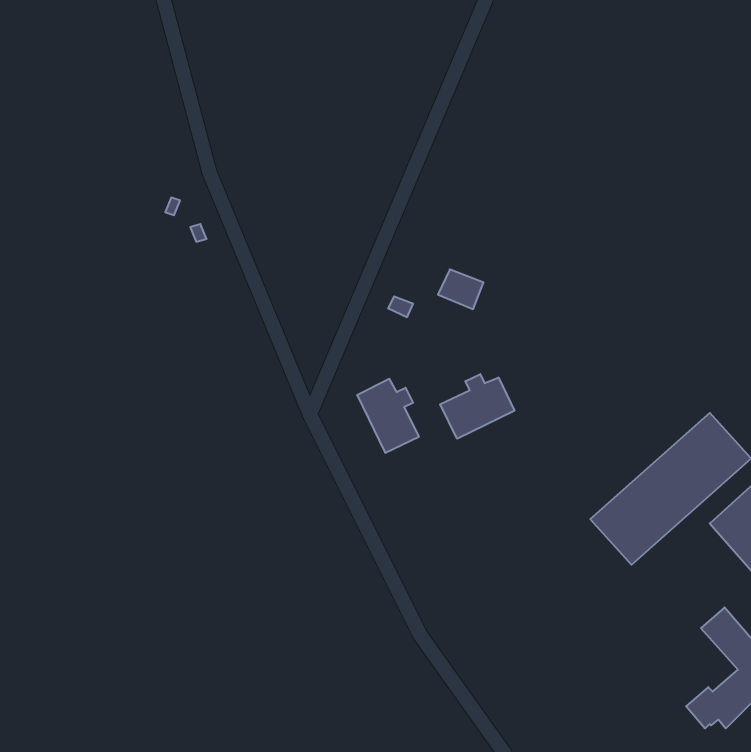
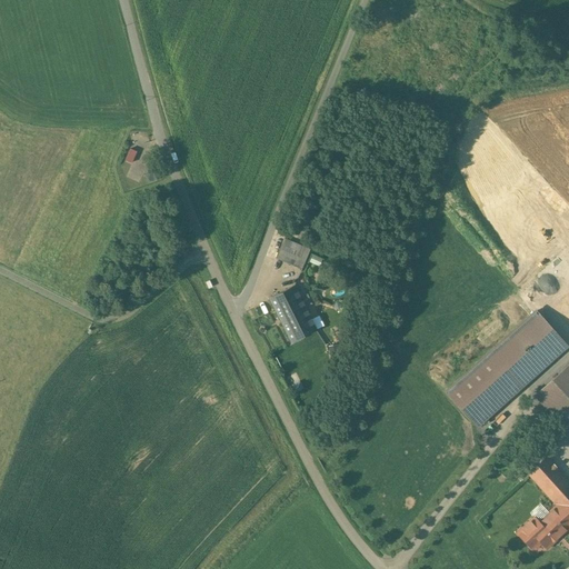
building: [438,269,484,309] -> [277,240,311,270]
building: [440,374,514,439] -> none

